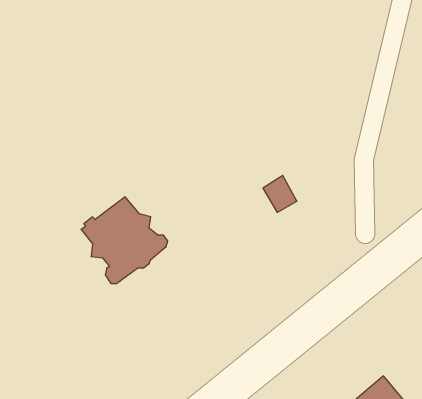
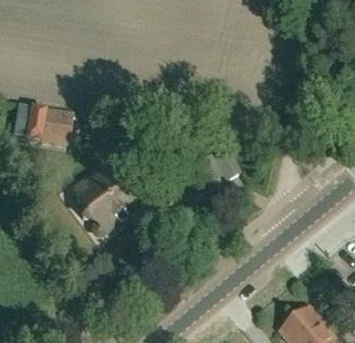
building: none -> [23,104,71,143]

